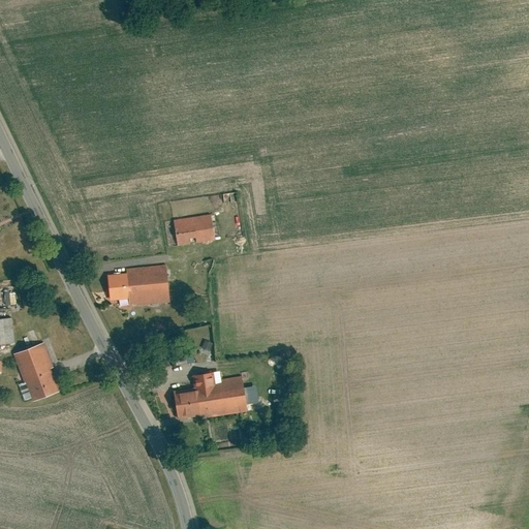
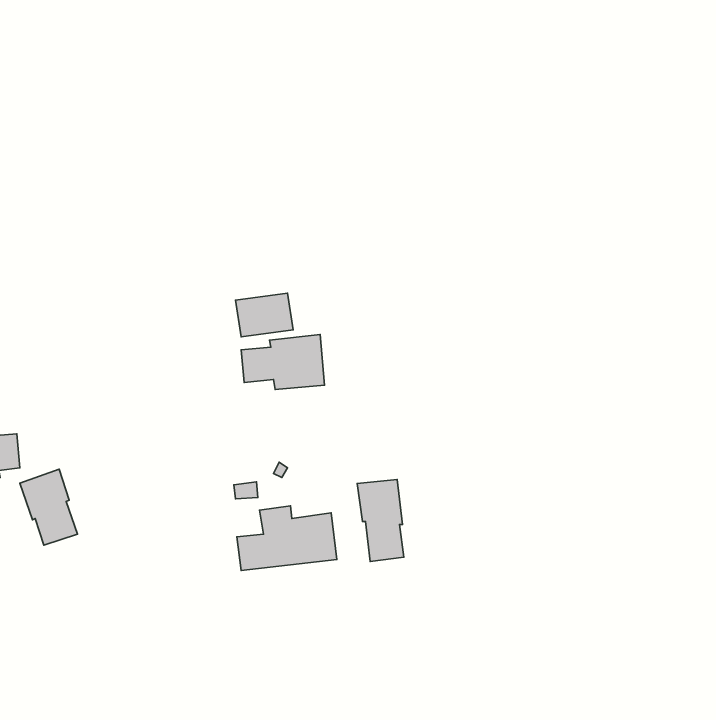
building: [107,266,168,306] -> [241,334,324,389]
building: none -> [357,479,404,561]

